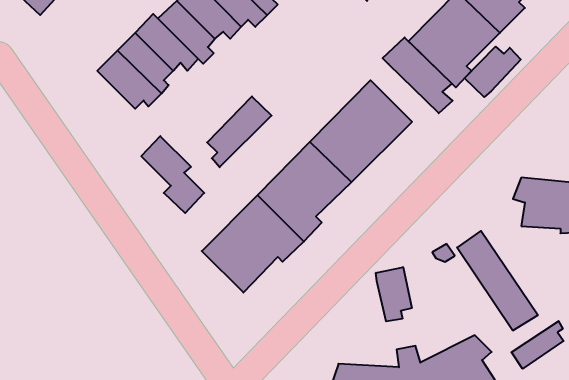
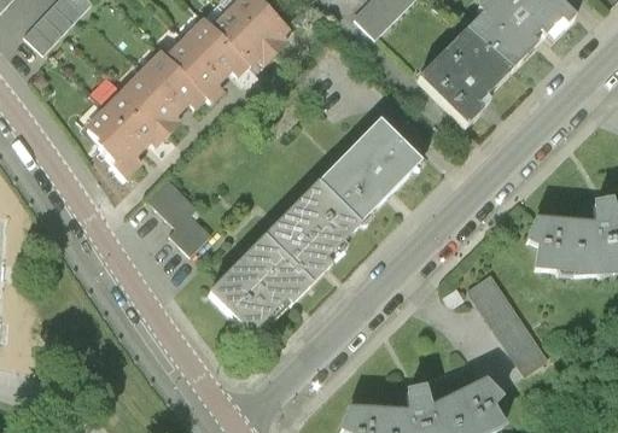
building: [383,37,453,113] -> none
building: [465,47,521,97] -> none
building: none -> [86,109,141,177]
building: [207,96,272,167] -> none
building: [376,267,412,321] -> none
building: [511,321,564,369] -> none

